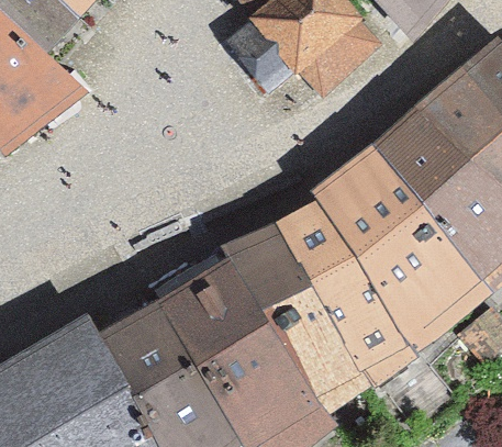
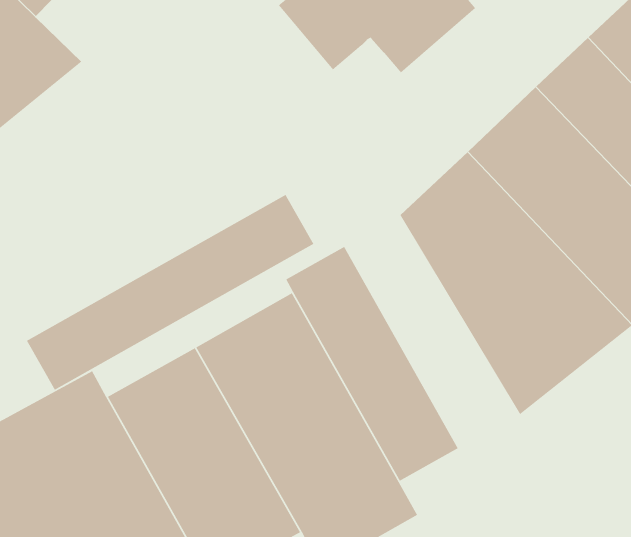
building: none -> [26,194,314,391]
building: [278,202,411,379] -> none

